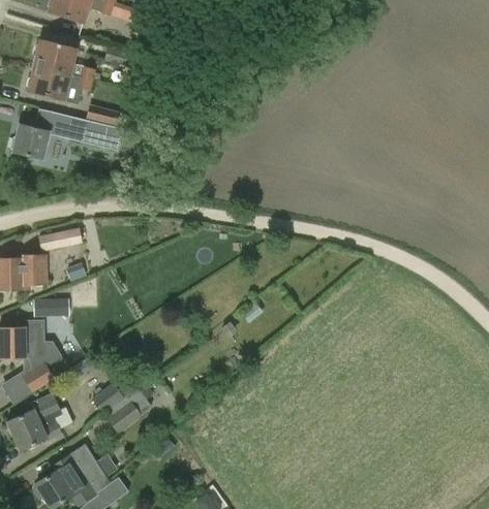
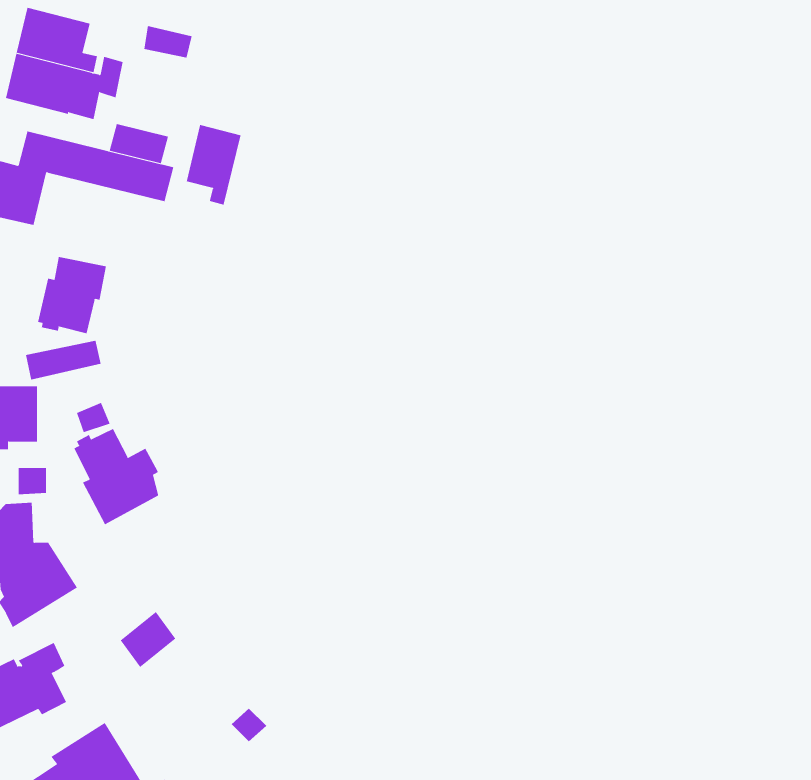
building: none -> [186,124,241,206]
building: none -> [37,256,107,334]
building: none -> [74,428,159,525]
building: [109,392,152,432] -> none

